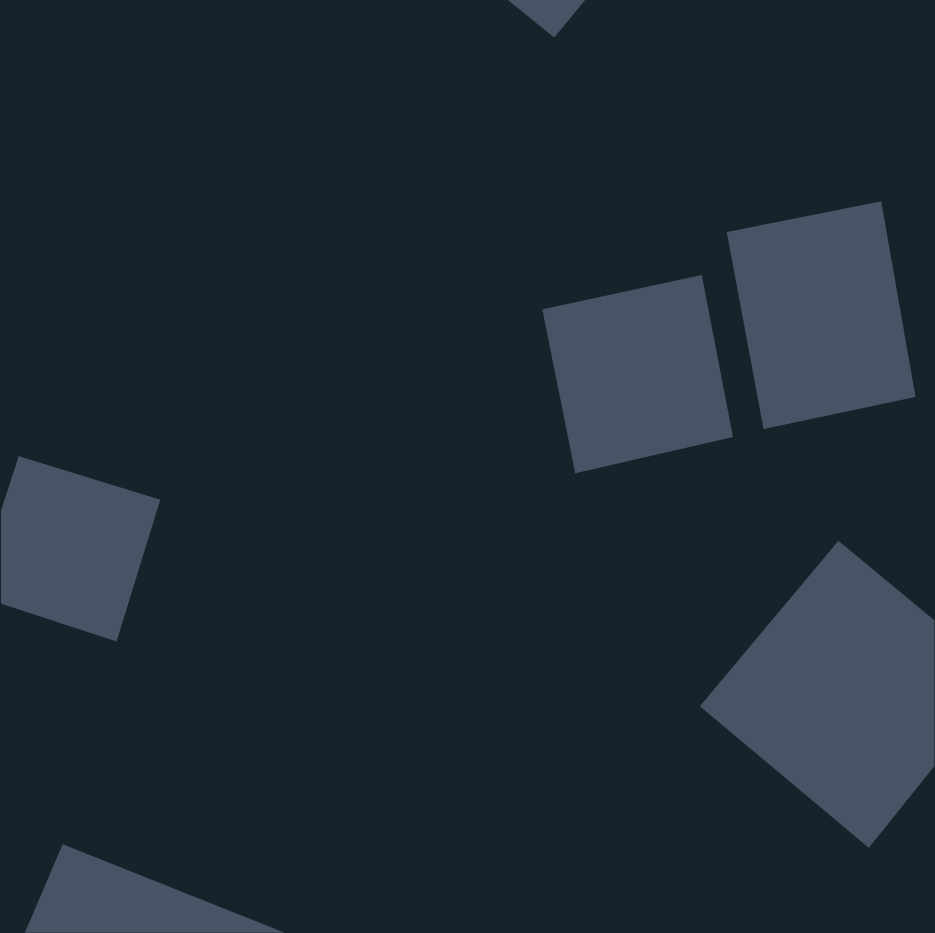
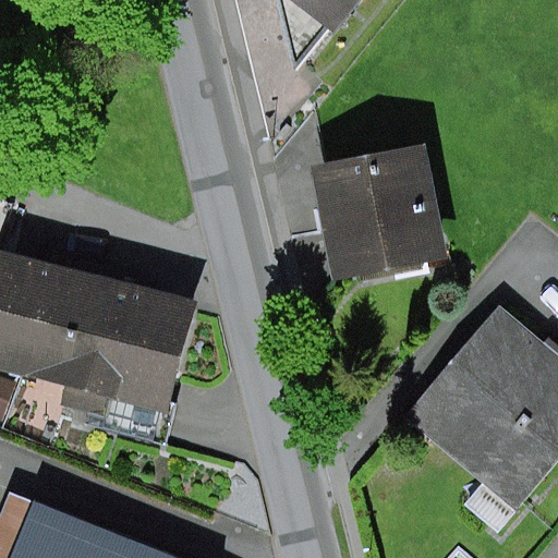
building: [726,200,916,430] -> none
building: none -> [70,298,181,409]

